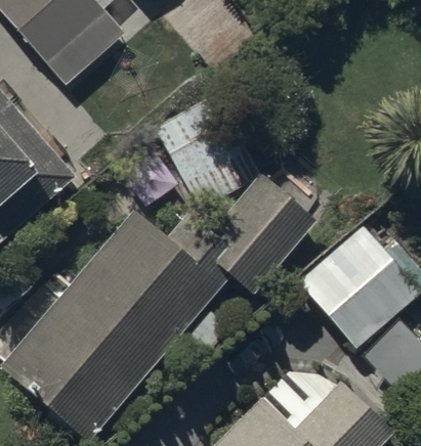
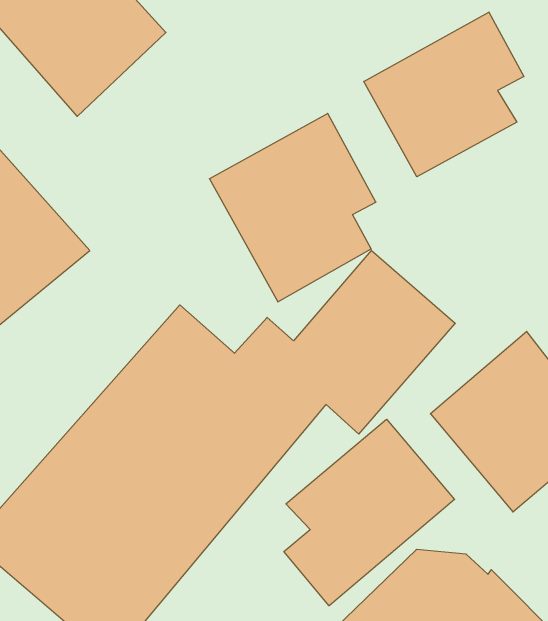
building: none -> [364,12,524,177]
building: none -> [284,419,455,606]

